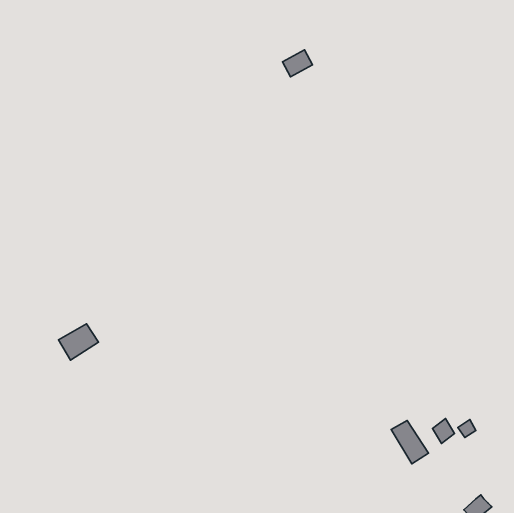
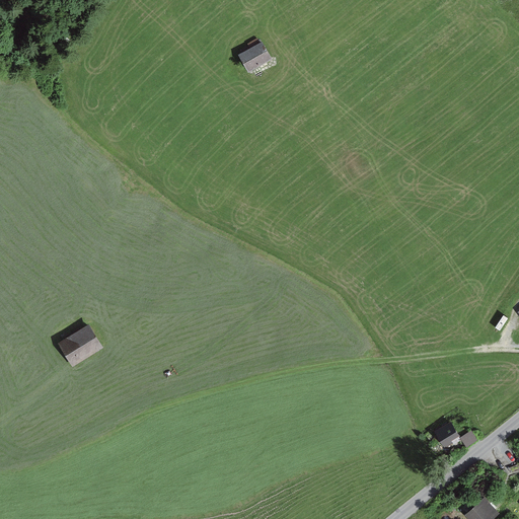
building: [282,50,313,77] -> [238,44,269,71]
building: [391,420,428,464] -> none

